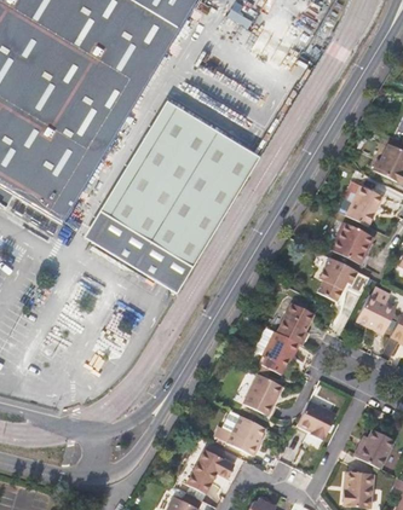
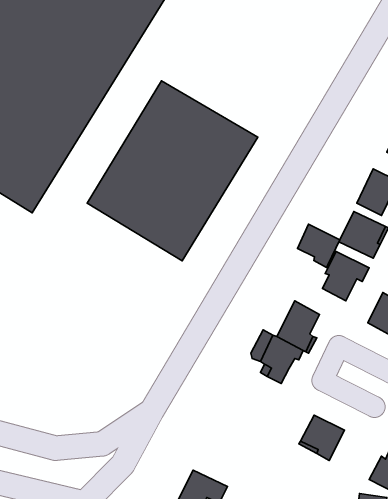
building: [92,214,192,292] -> none
building: none -> [298,224,340,268]
building: [243,373,282,413] -> none
building: [226,415,266,456] -> none

